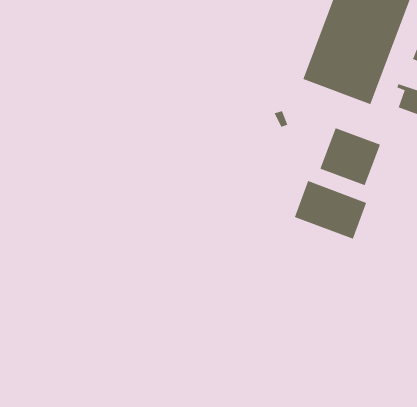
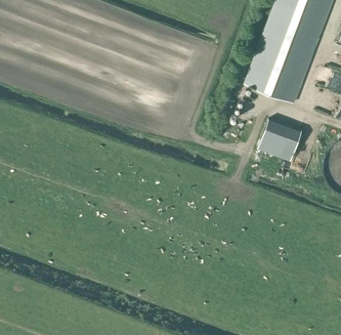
building: [294,180,367,240] -> none

